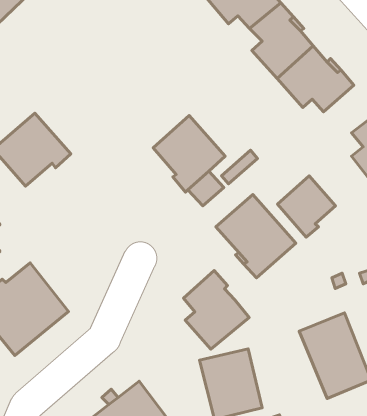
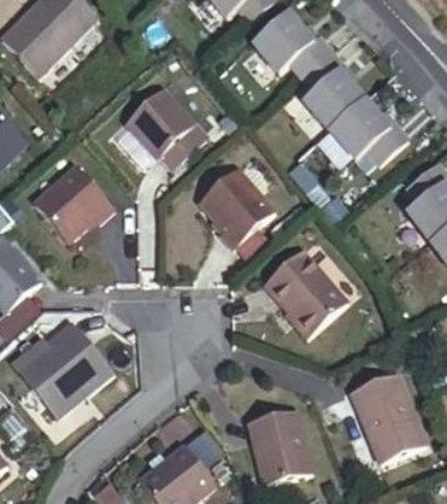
building: none -> [124,88,207,168]
building: [278,176,335,237] -> none
building: [184,270,249,349] -> none

